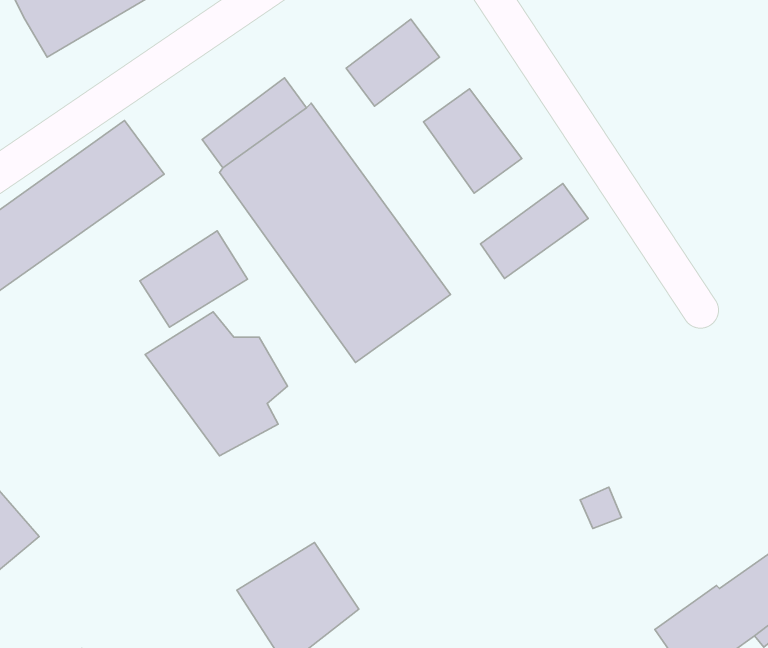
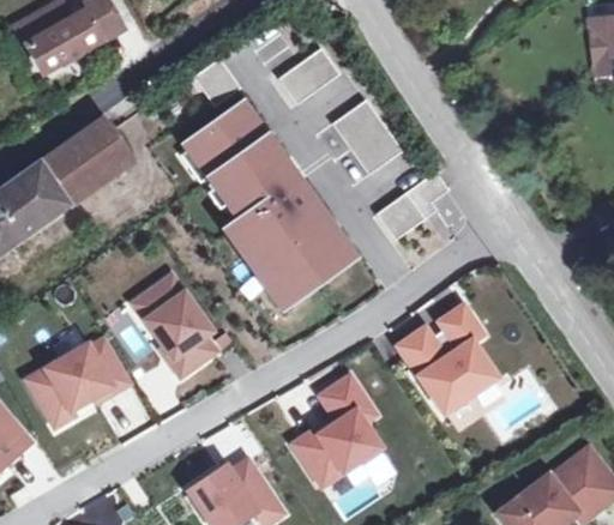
building: [140,231,248,327] -> none
building: none -> [393,296,510,408]
building: none -> [16,328,136,432]
building: none -> [284,378,390,491]

